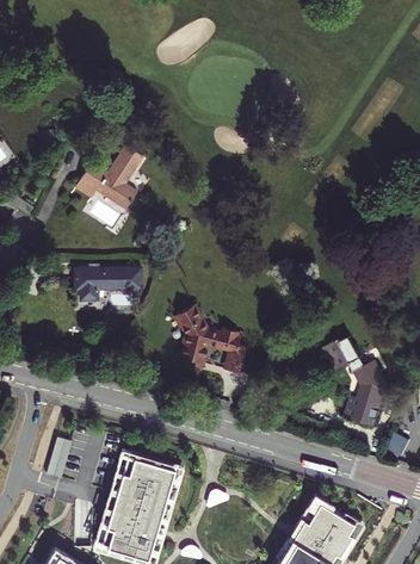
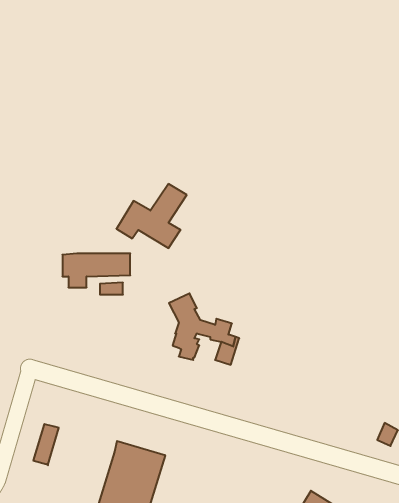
building: [74,145,143,209] -> [116,184,187,248]
building: [319,336,390,423] -> none

